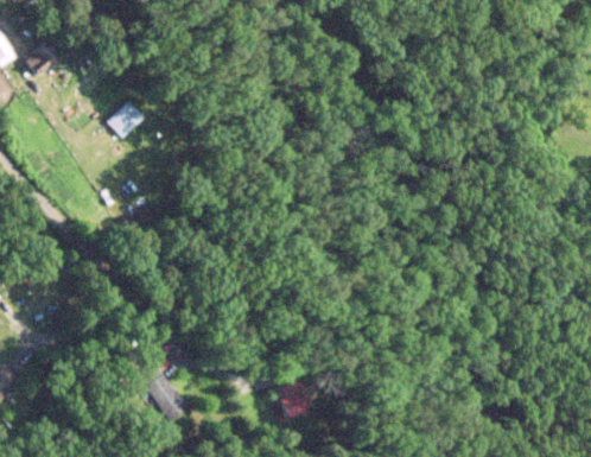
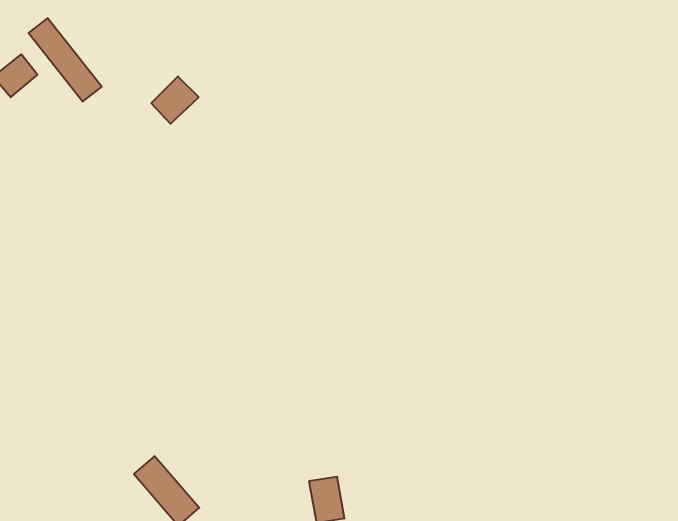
building: none -> [29,18,102,102]
building: [107,101,145,139] -> [151,76,199,124]

